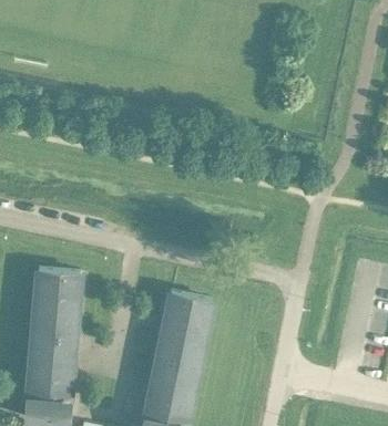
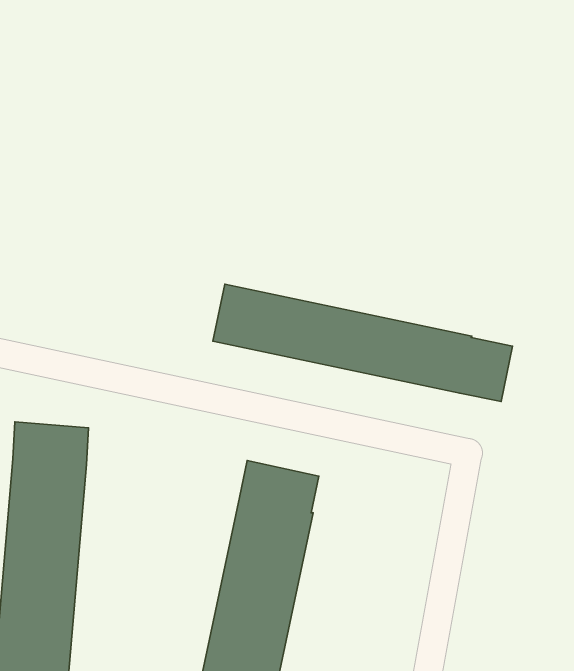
building: none -> [213,284,512,402]

